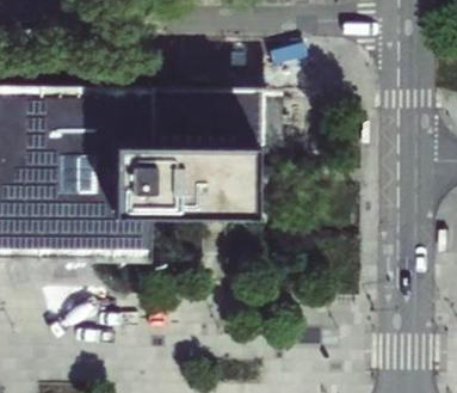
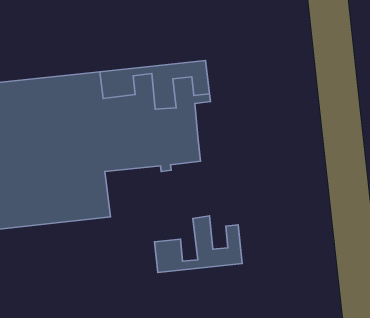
building: none -> [155,216,242,273]

